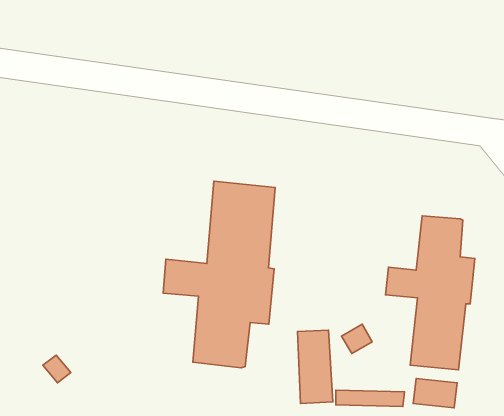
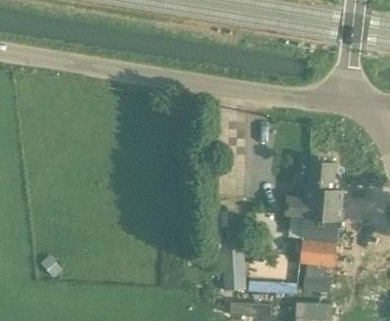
building: [163,181,275,368] -> none

